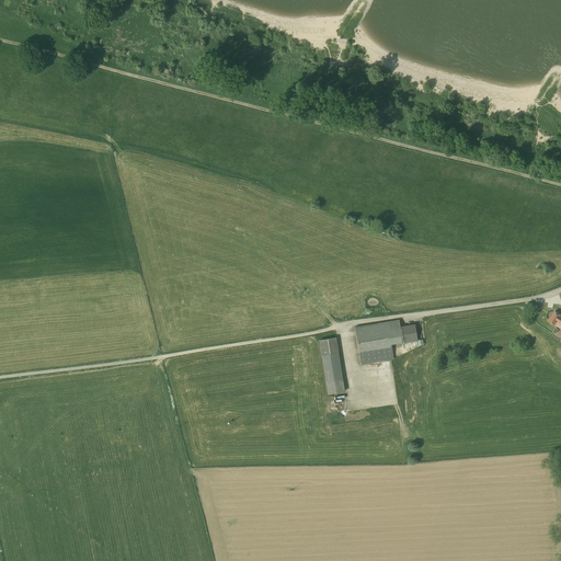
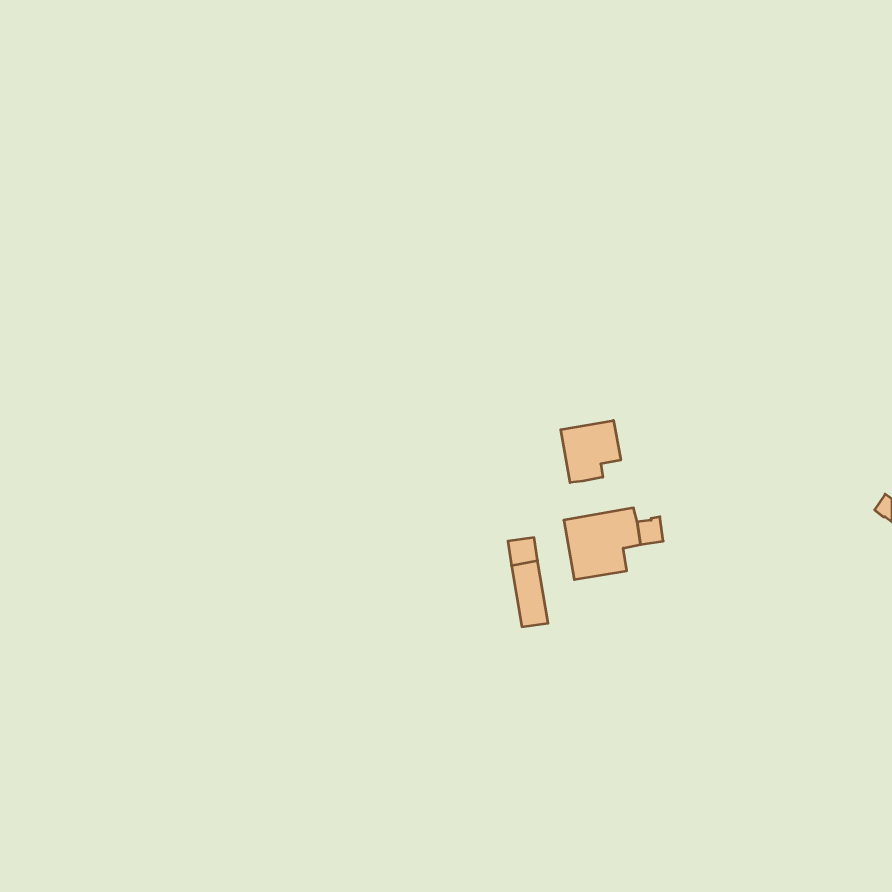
building: none -> [561,420,621,483]

